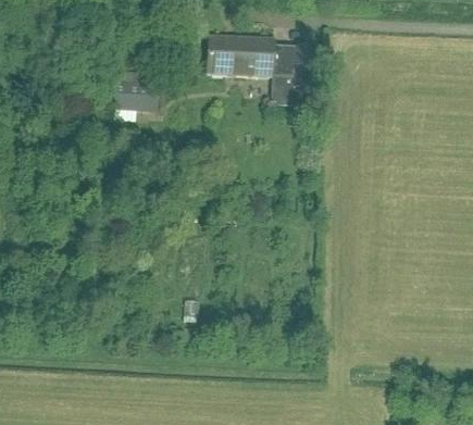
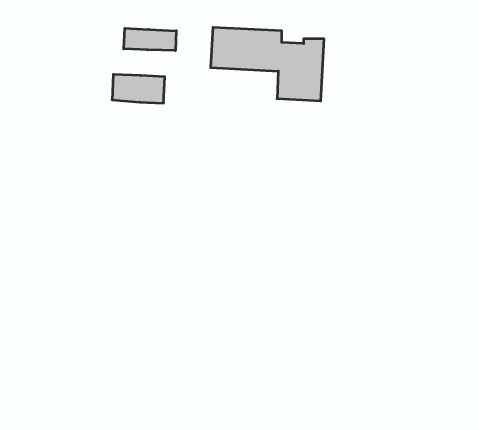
building: none -> [124,28,176,51]

